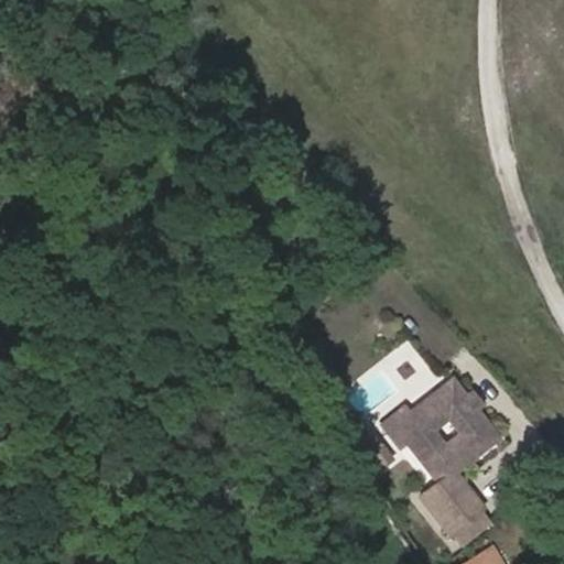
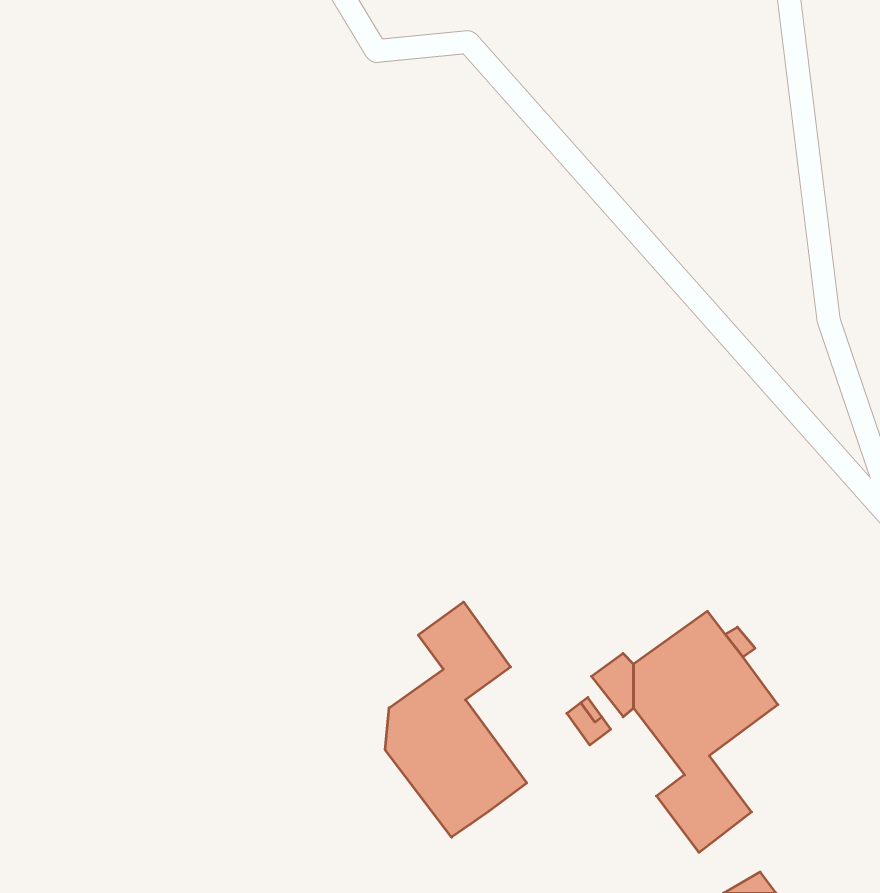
building: none -> [385,602,527,837]

